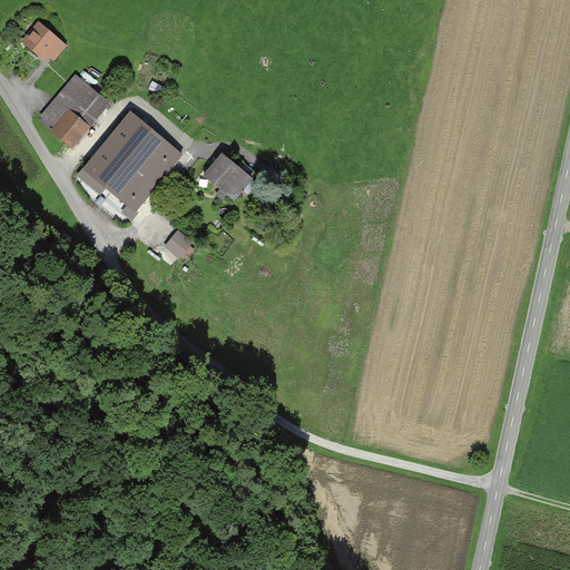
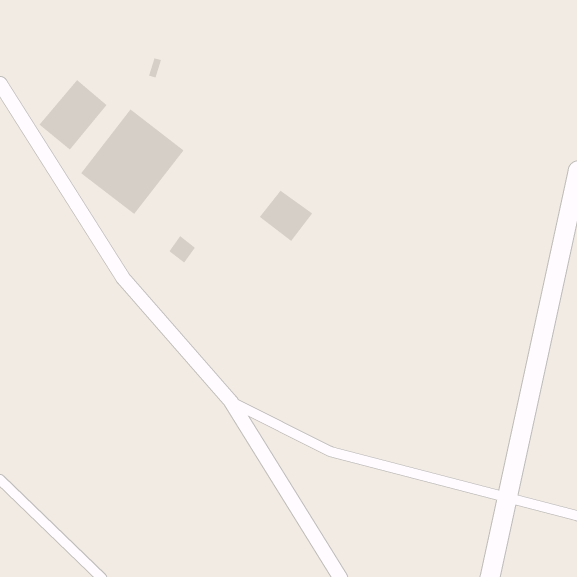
building: [20,20,63,63] -> none
building: [198,154,252,205] -> [259,190,313,242]

